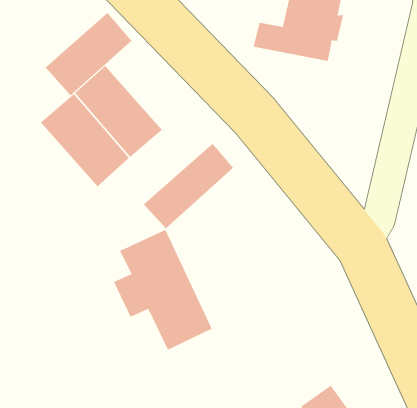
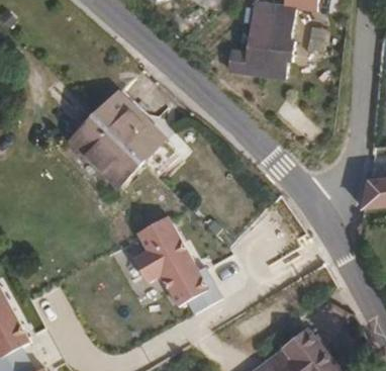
building: [45,12,132,96] -> none
building: [143,143,234,229] -> none

